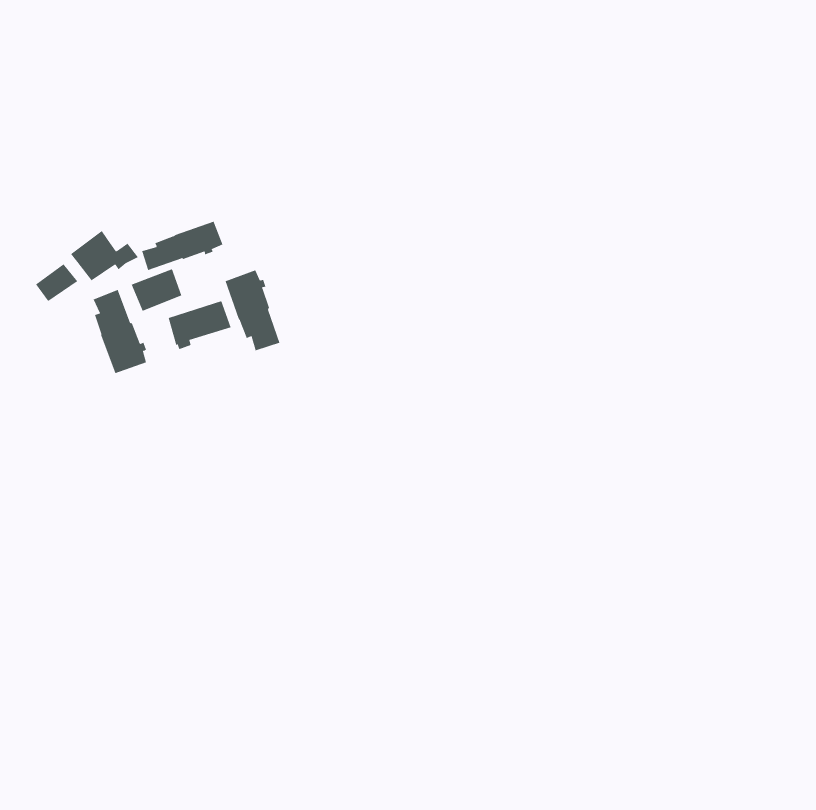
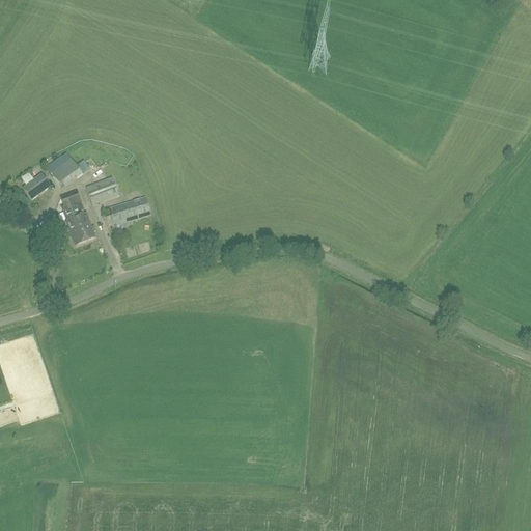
building: [141,221,223,271] -> none
building: [225,269,280,352] -> none

